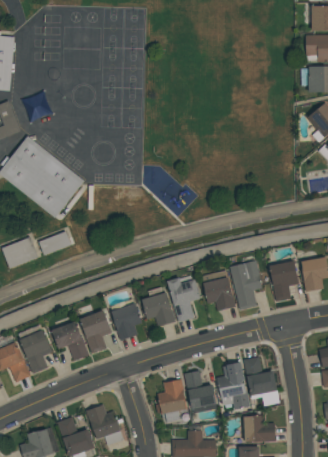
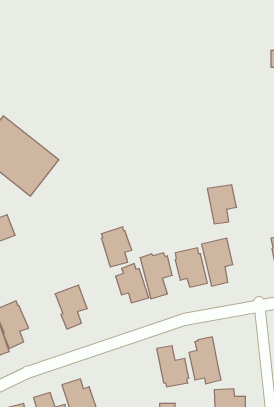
building: [39,231,72,256] -> none
building: [269,261,299,301] -> [207,185,237,224]
building: [111,299,142,340] -> [101,227,132,267]
building: [52,321,89,361] -> none
building: [244,357,280,406] -> none
building: [156,379,187,422] -> none

